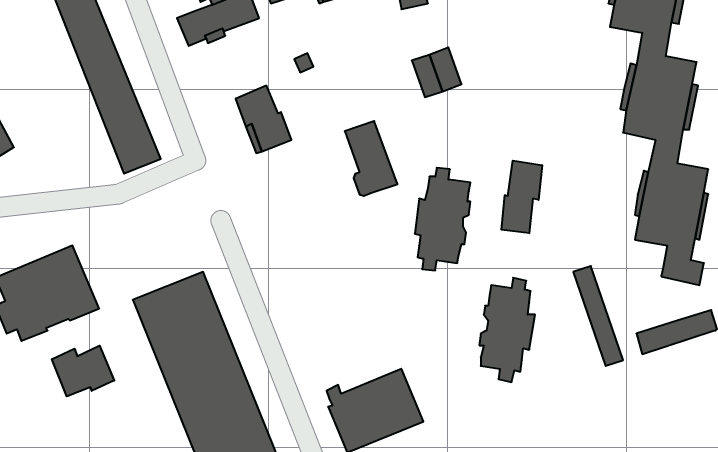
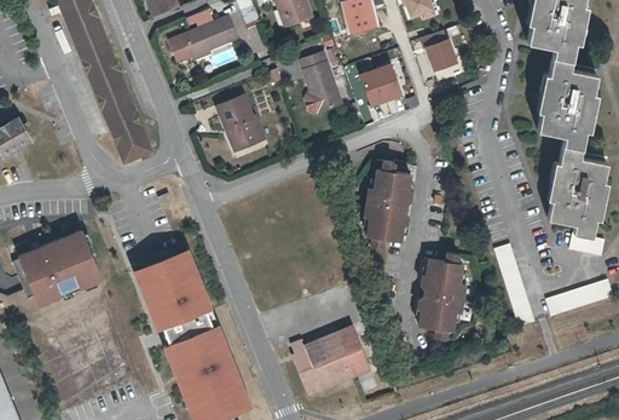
building: none -> [421,30,457,70]
building: [345,121,398,196] -> [300,51,343,113]
building: [501,161,542,233] -> none
building: [52,346,114,396] -> none

